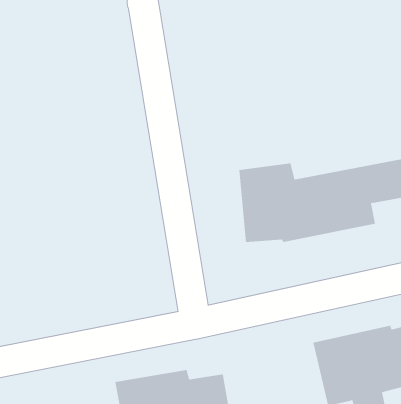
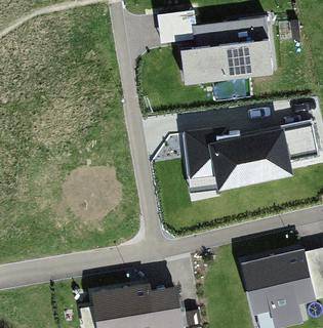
building: none -> [158,11,271,83]

